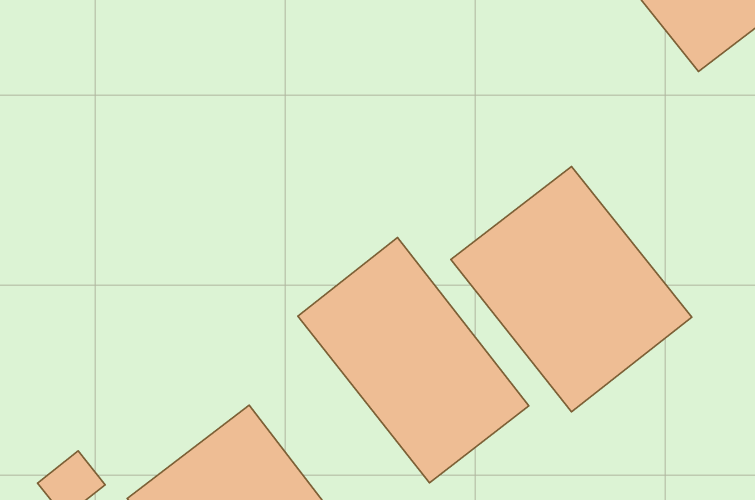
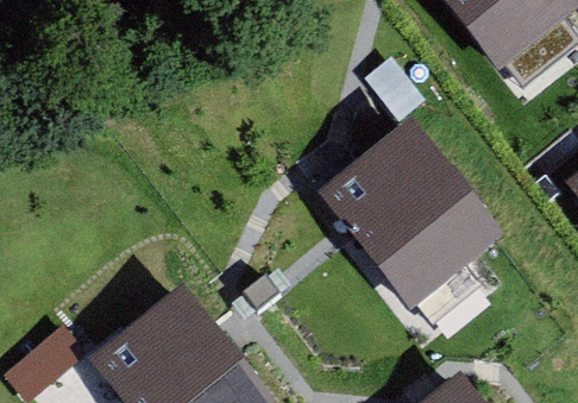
building: [298,237,529,483] -> none

